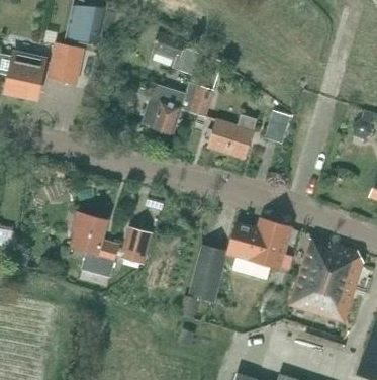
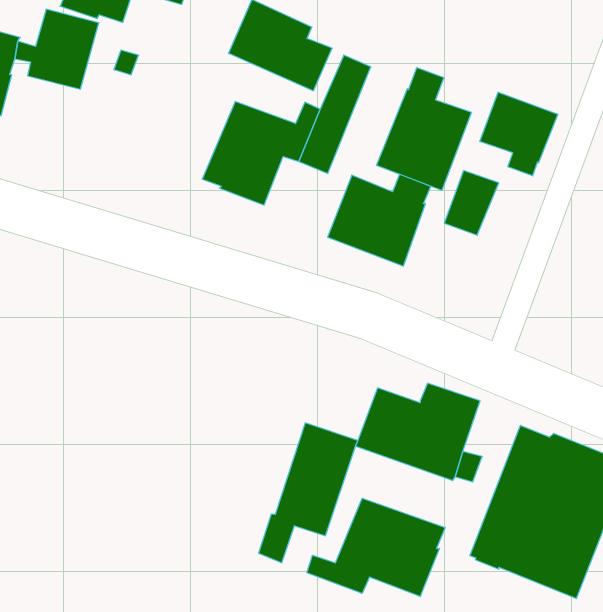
building: none -> [376,68,472,190]
building: none -> [480,92,558,176]
building: [70,212,151,277] -> none
building: none -> [307,498,445,597]

